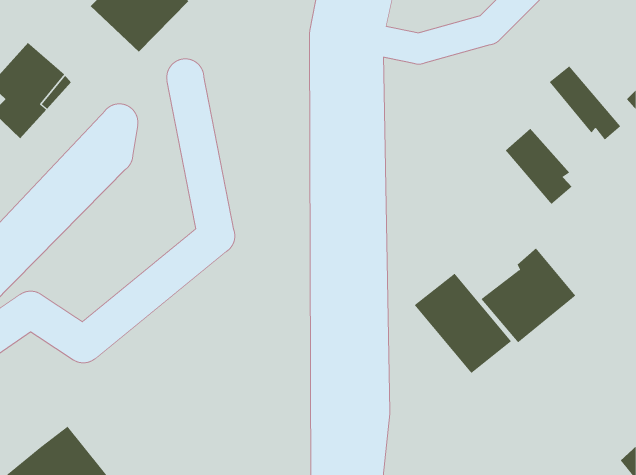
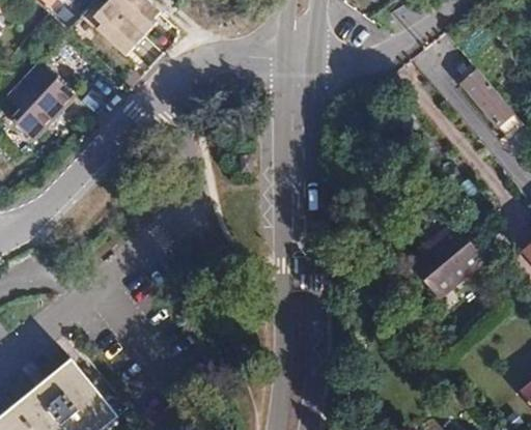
building: [505,128,573,205] -> none
building: [414,273,512,374] -> none

